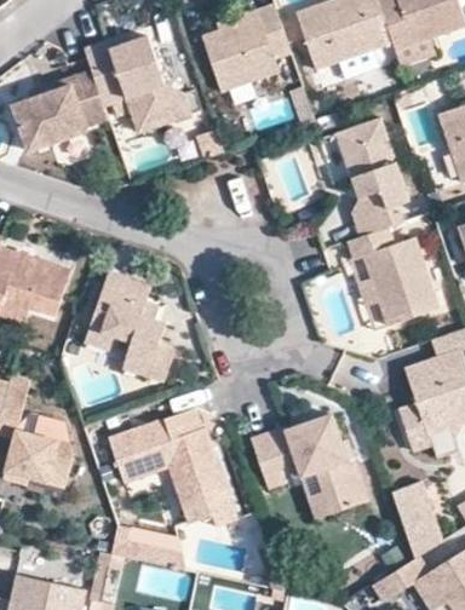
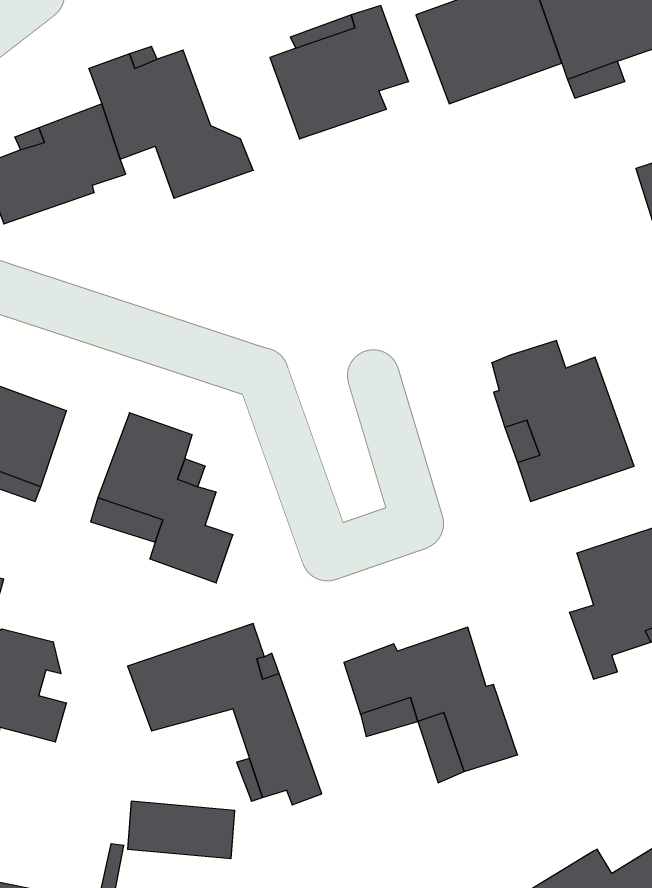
building: [338,117,409,235] -> none
building: [390,482,441,559] -> none

